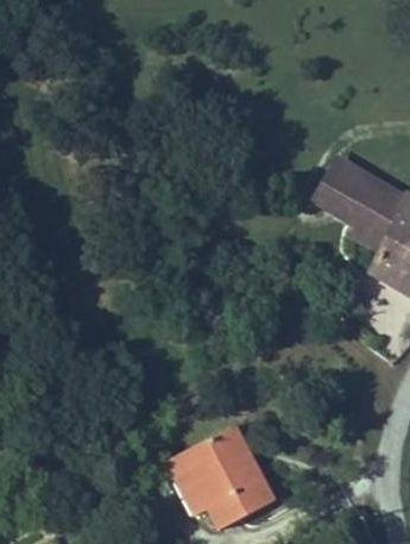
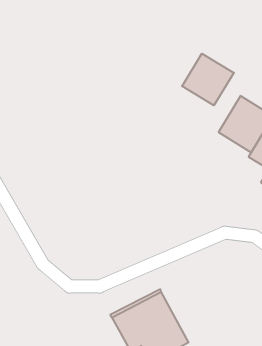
building: none -> [182,54,234,105]

